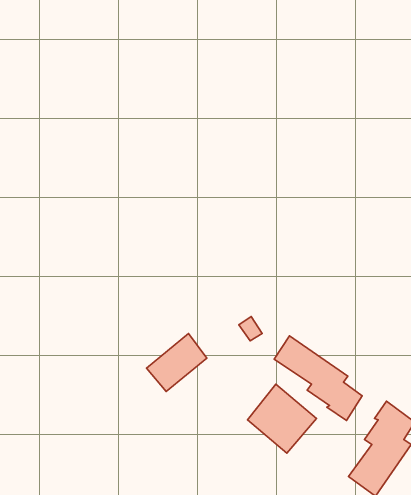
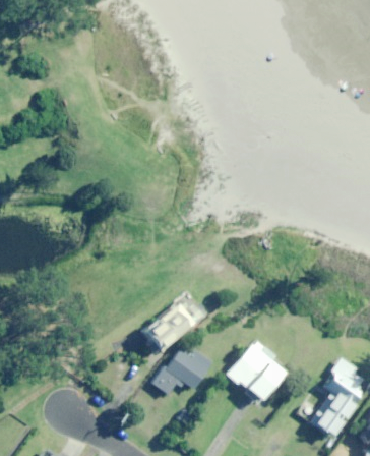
building: [274,336,362,421] -> none
building: none -> [153,350,212,394]

